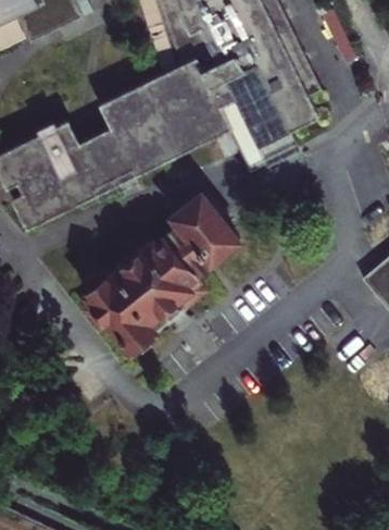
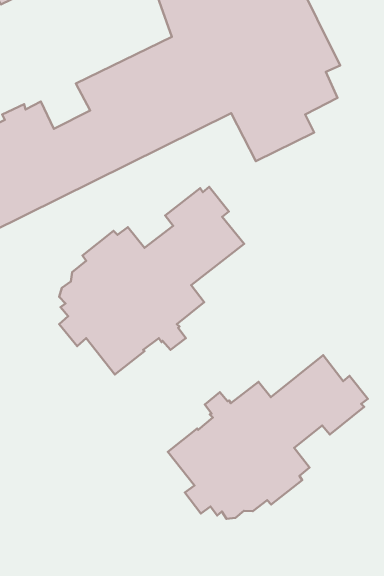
building: none -> [168,355,368,519]

